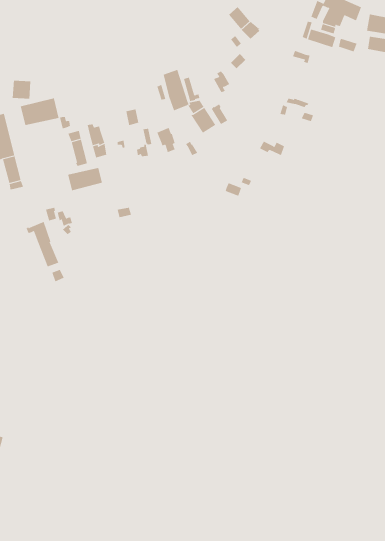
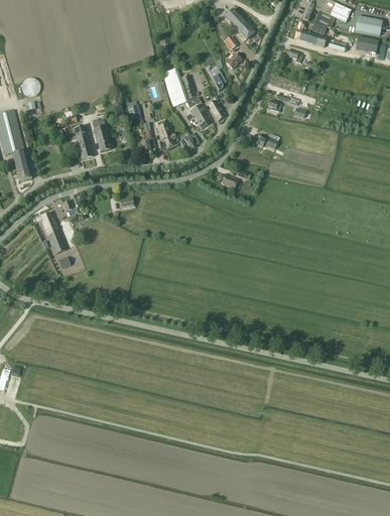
building: [20,97,59,126] -> none
building: [68,167,103,191] -> none

